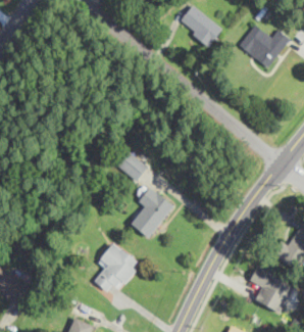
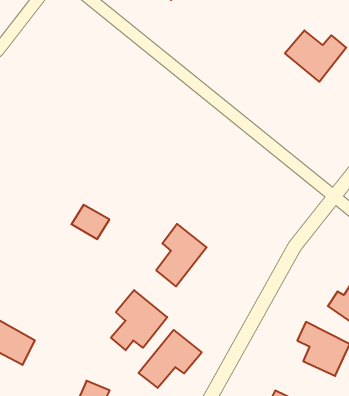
building: [179,6,221,46] -> none
building: [116,152,148,181] -> [71,205,109,239]
building: none -> [139,330,202,388]

